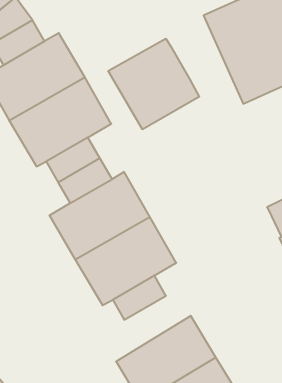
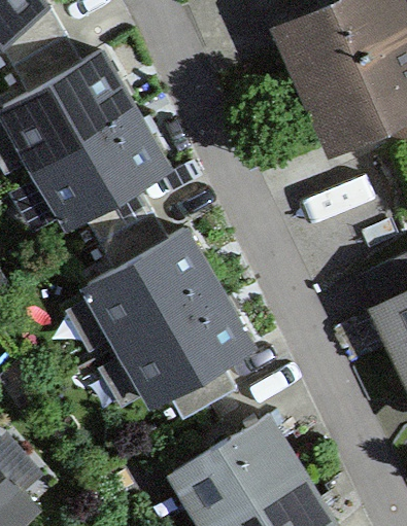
building: [108,39,199,129] -> none

